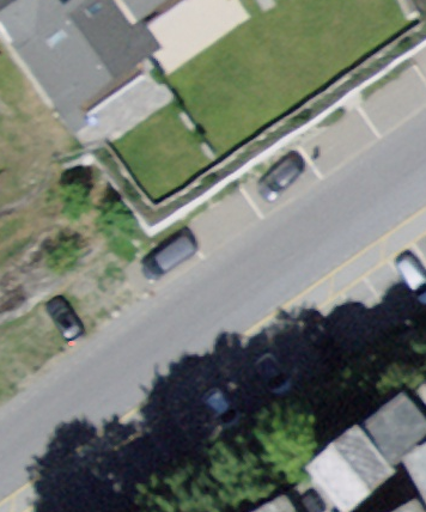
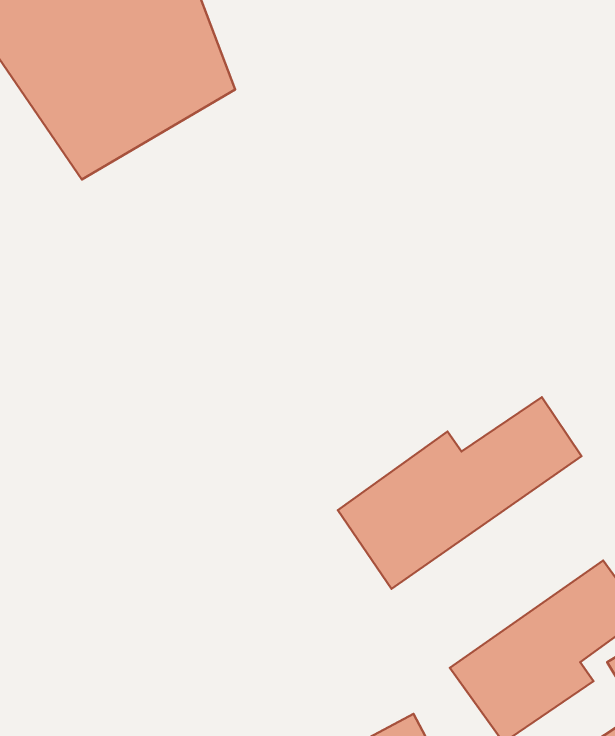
building: none -> [338,397,581,589]

